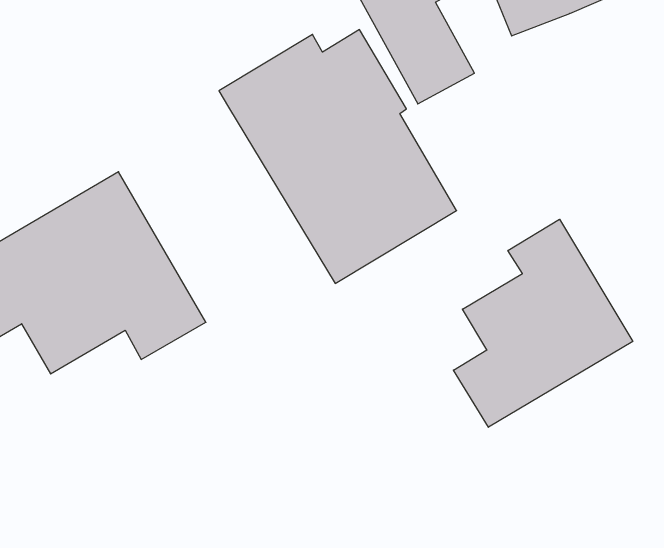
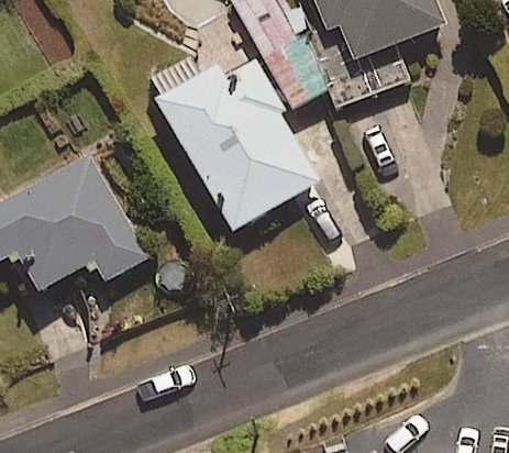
building: [453,219,633,427] -> none

